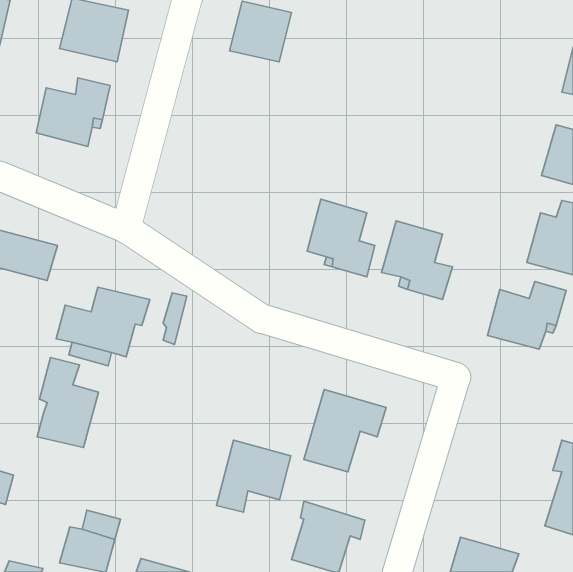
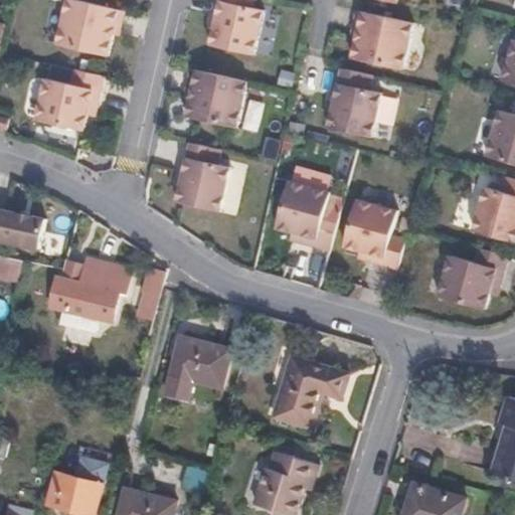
building: none -> [350,12,413,70]
building: none -> [325,69,379,139]
building: none -> [181,70,244,129]
building: none -> [171,144,225,213]
building: [37,357,98,447] -> none
building: [216,440,291,512] -> [166,332,232,396]

